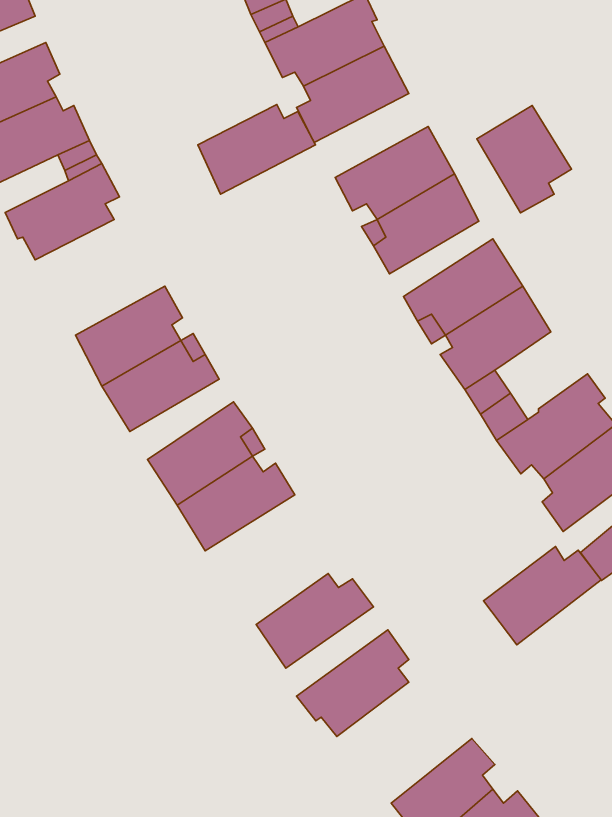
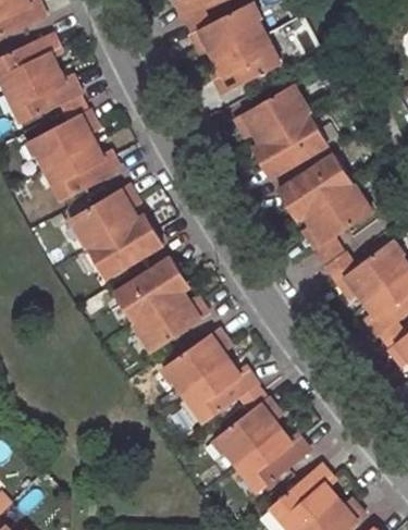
building: [198,105,315,194] -> [49,143,122,198]
building: [477,106,571,213] -> none
building: none -> [162,329,233,394]
building: [484,547,601,645] -> [236,430,309,491]

